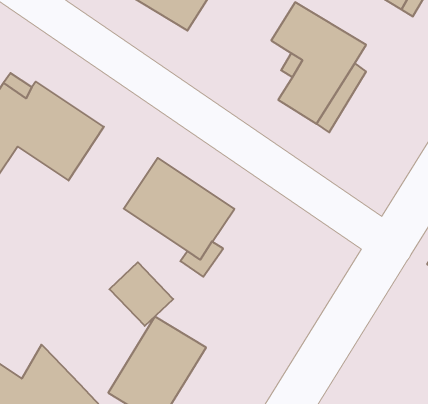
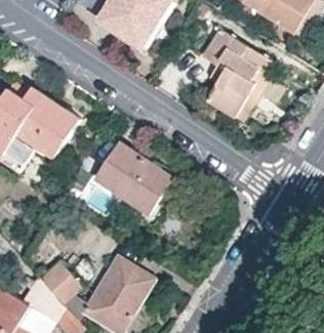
building: [109,262,173,326] -> [36,259,82,305]

